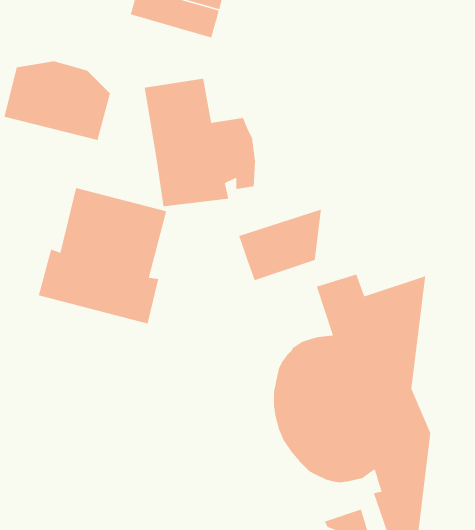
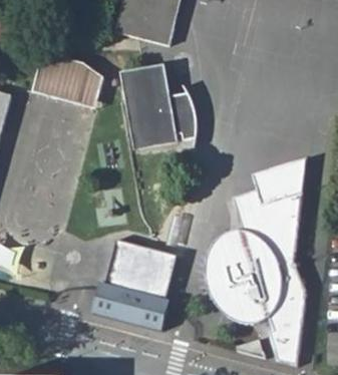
building: [38,187,167,324] -> [91,241,174,328]
building: [238,209,322,281] -> [253,158,306,205]

